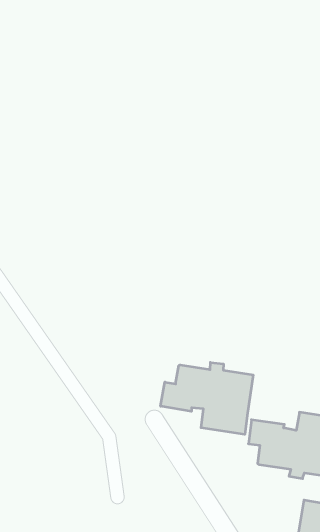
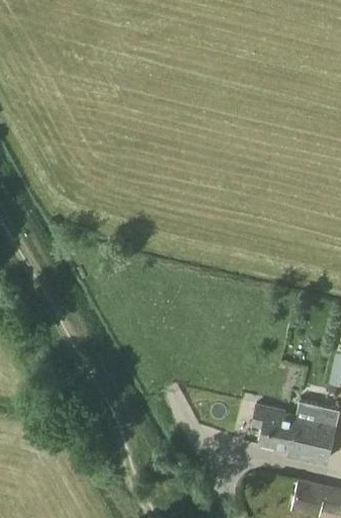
building: [161,362,253,434] -> none

